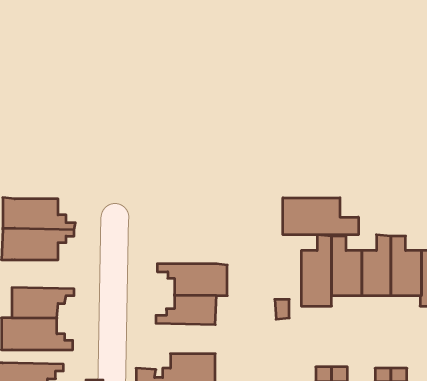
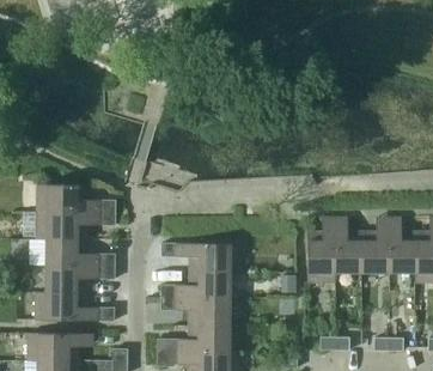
building: [283,198,358,235] -> none
building: none -> [45,239,102,266]
building: none -> [176,297,230,324]

